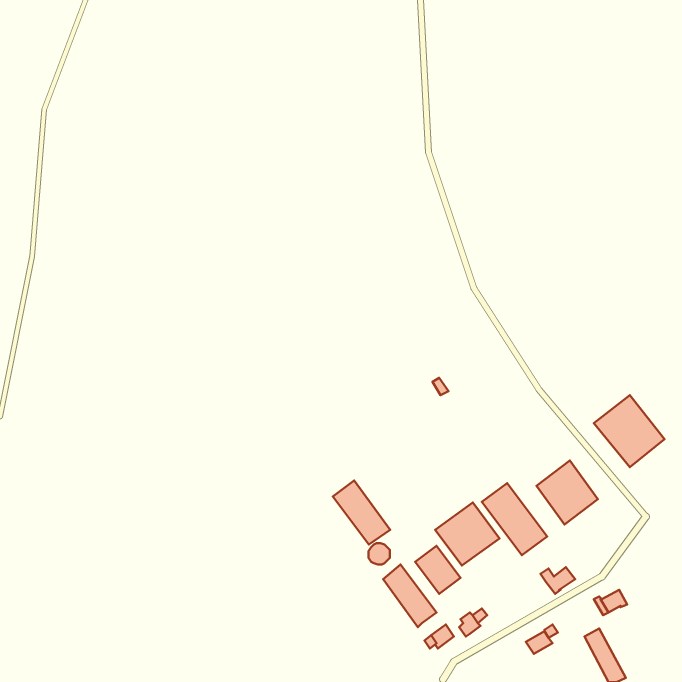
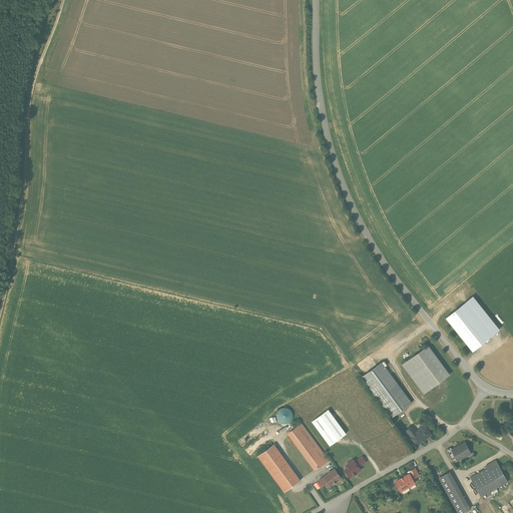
building: [333,480,390,544] -> [258,444,301,492]
building: [435,503,500,565] -> none
building: none -> [470,461,507,496]

